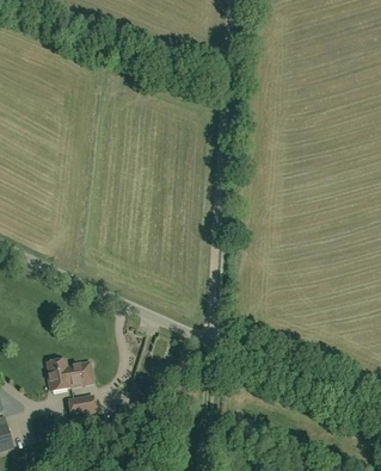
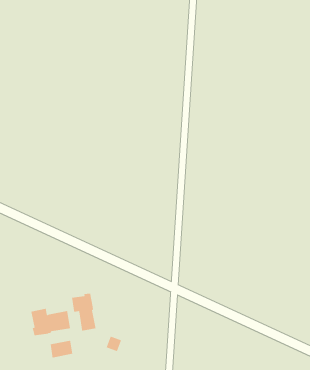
building: none -> [71,293,96,331]

